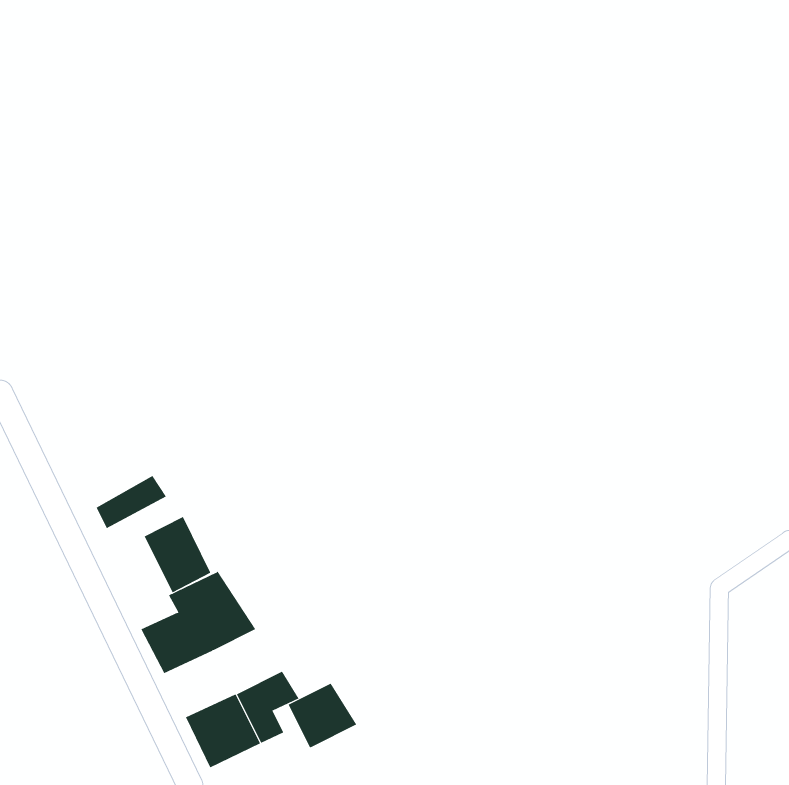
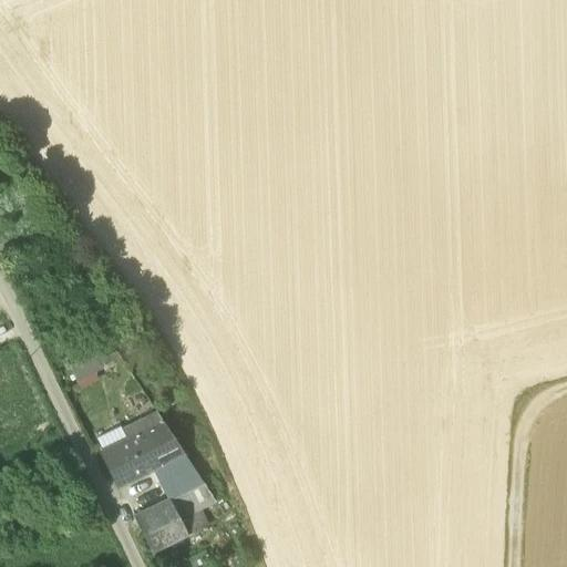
building: [144,516,211,593] -> none
building: [288,683,357,748] -> [153,452,203,498]

